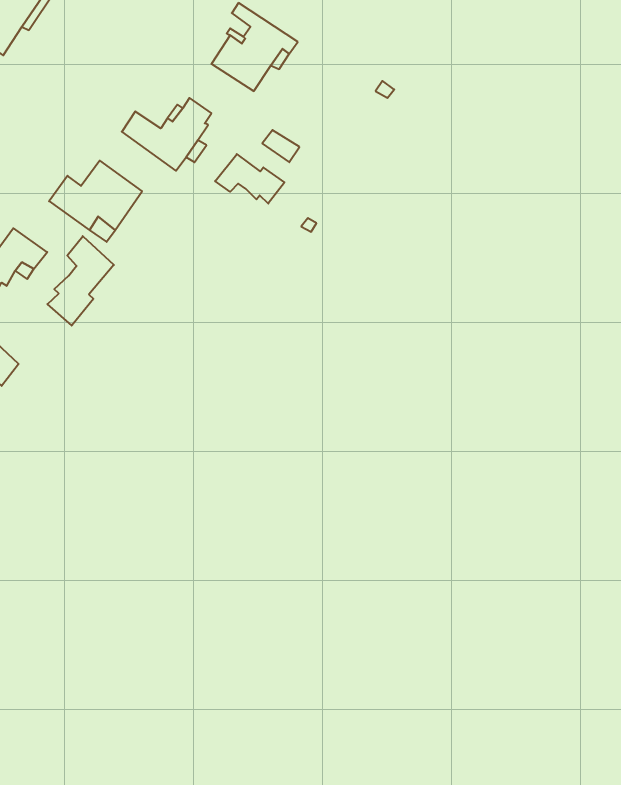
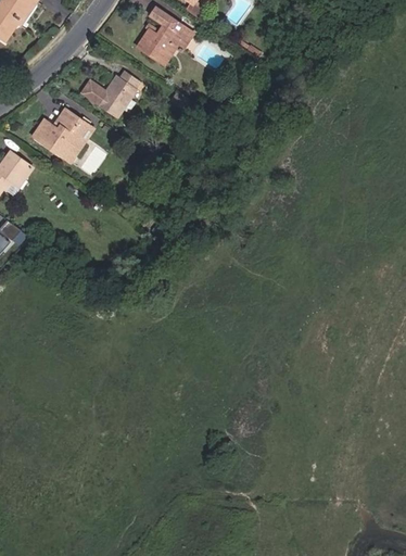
building: [215,154,284,204] -> none
building: [47,236,114,326] -> none

